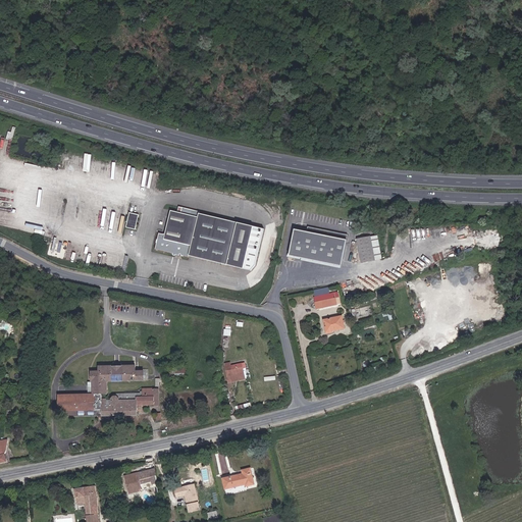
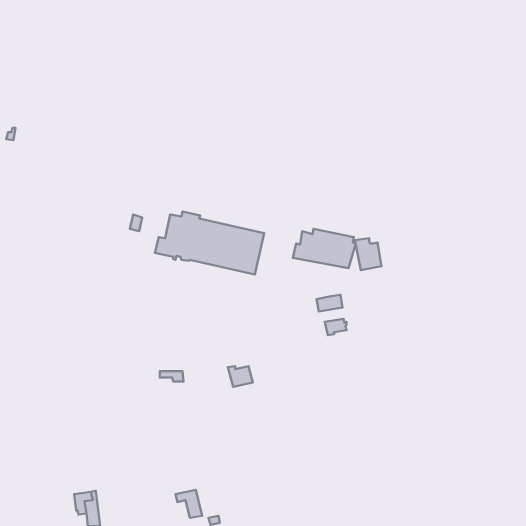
building: [57,364,161,414] -> none
building: [221,468,254,489] -> none
building: [123,469,156,492] -> none

